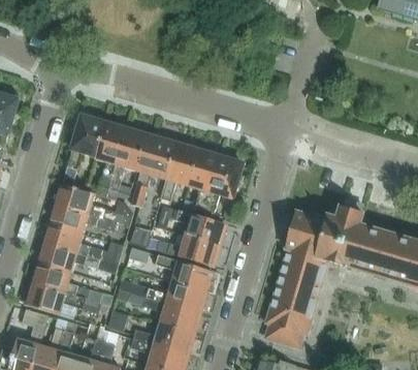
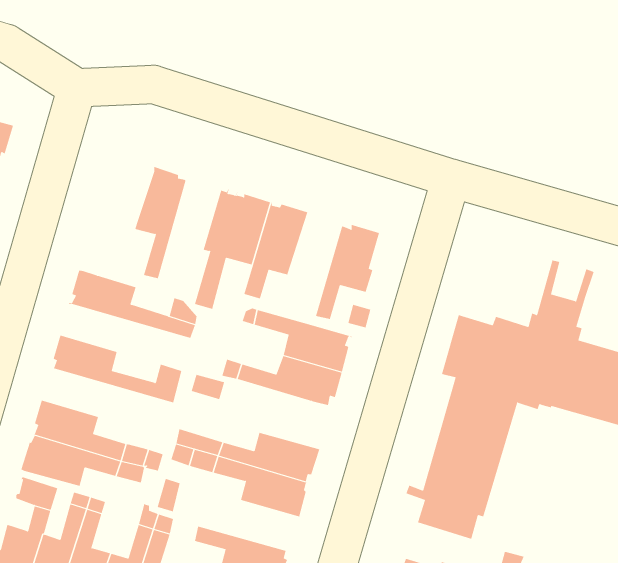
building: [62,116,105,187] -> none
building: [108,127,147,192] -> none
building: [187,149,220,212] -> none
building: [49,205,117,234] -> none
building: [37,243,118,275] -> none
building: [155,255,213,292] -> none
building: [132,323,194,354] -> none

